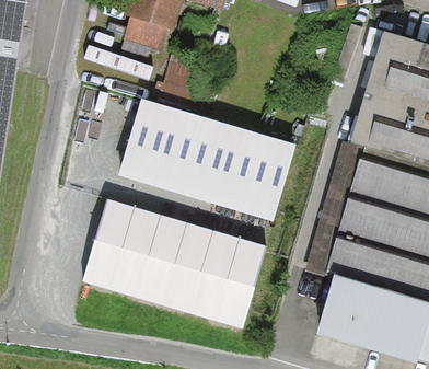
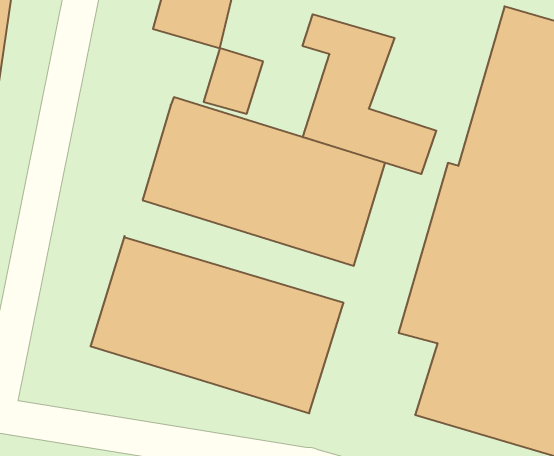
building: none -> [303,14,436,174]

